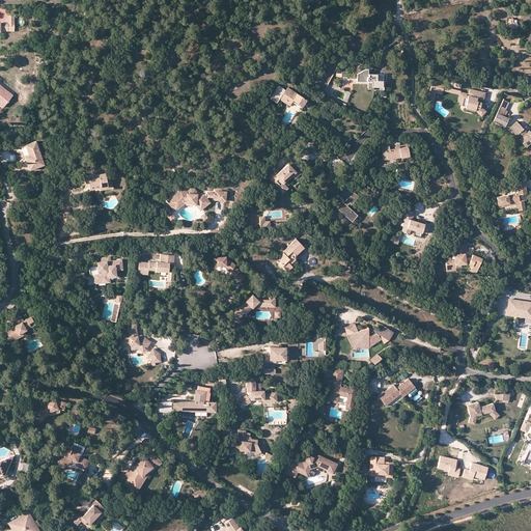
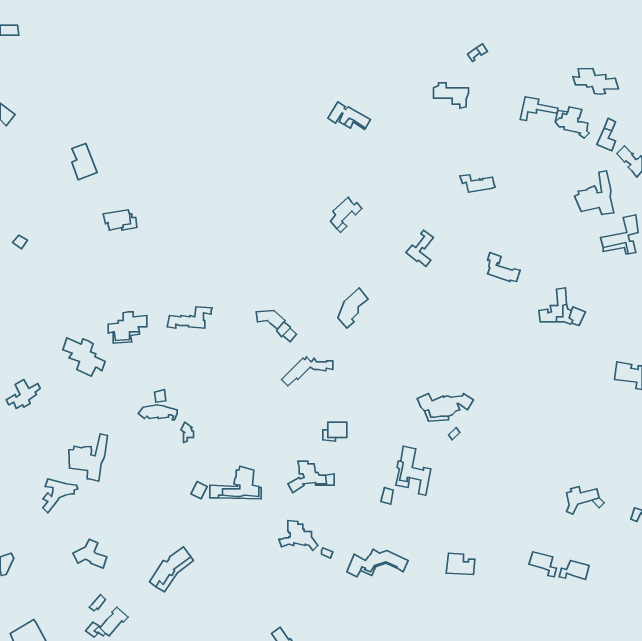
building: none -> [573,69,619,94]
building: [25,142,46,172] -> [72,143,97,180]
building: none -> [574,171,614,214]
building: [168,191,226,213] -> none
building: none -> [63,338,105,376]
building: none -> [69,434,107,481]
building: [378,379,415,406] -> none

